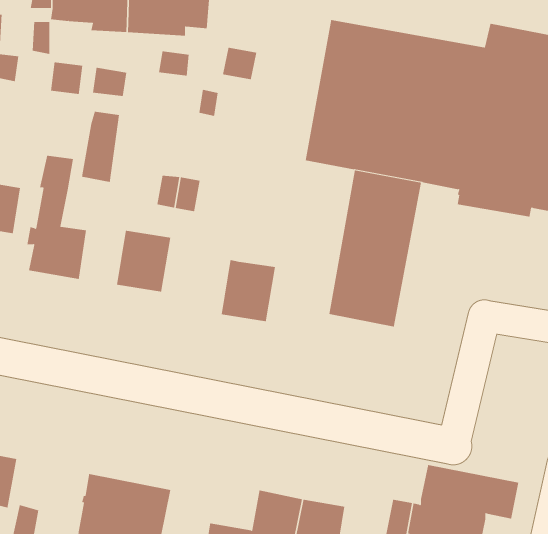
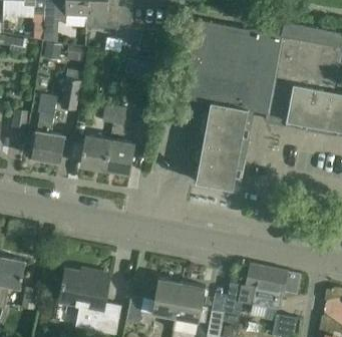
building: [221,260,276,322] -> [105,139,135,174]

